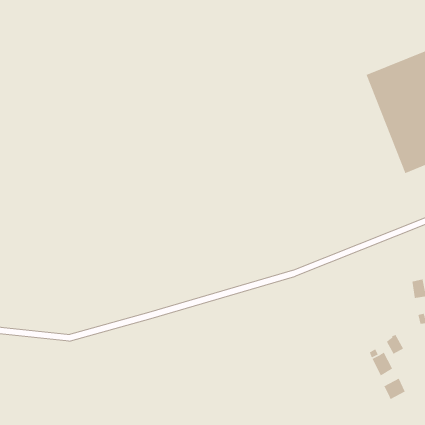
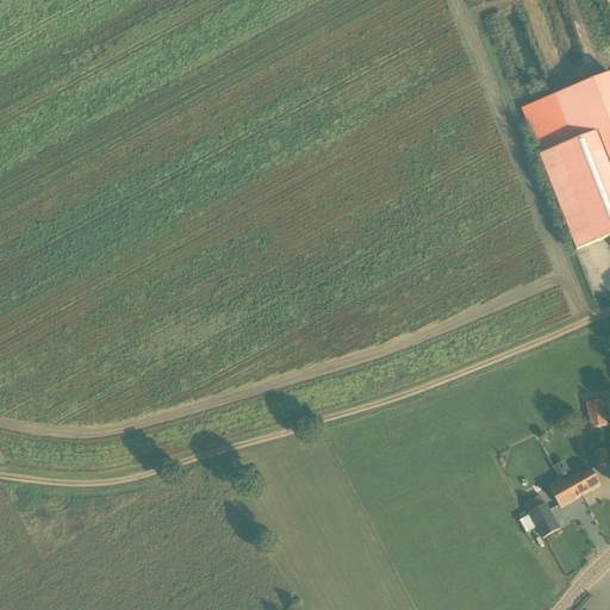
building: none -> [567,465,604,497]
building: [383,378,406,400] -> none

